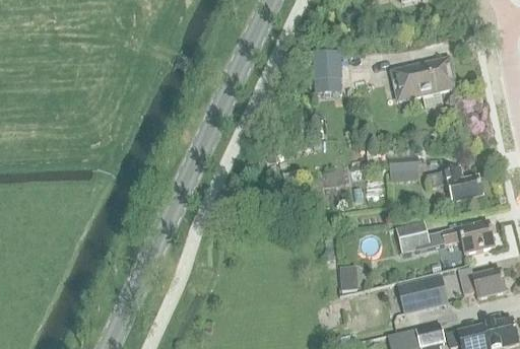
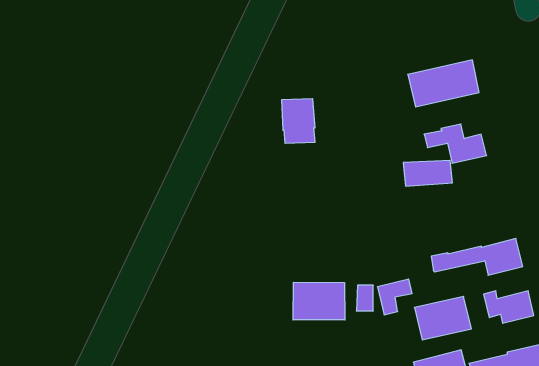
building: [311,53,341,93] -> [282,99,315,143]
building: [426,167,482,203] -> [424,124,487,163]
building: [395,221,427,254] -> [377,279,412,315]
building: none -> [293,282,345,320]

